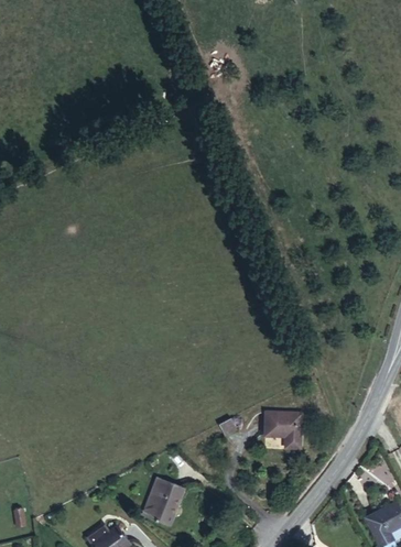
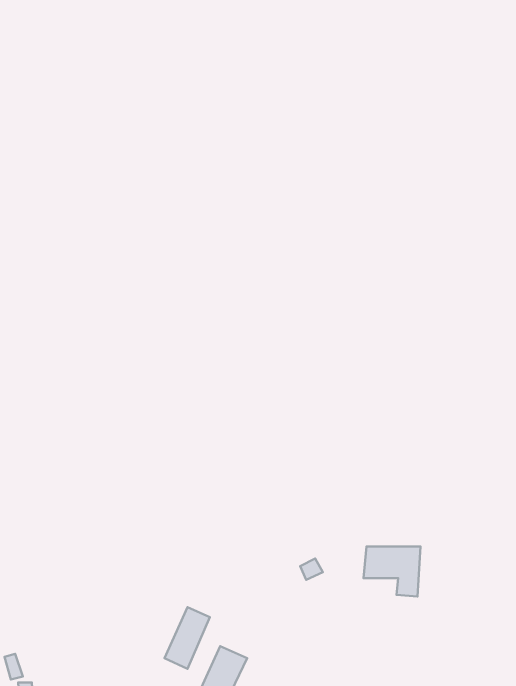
building: none -> [164,607,210,669]

